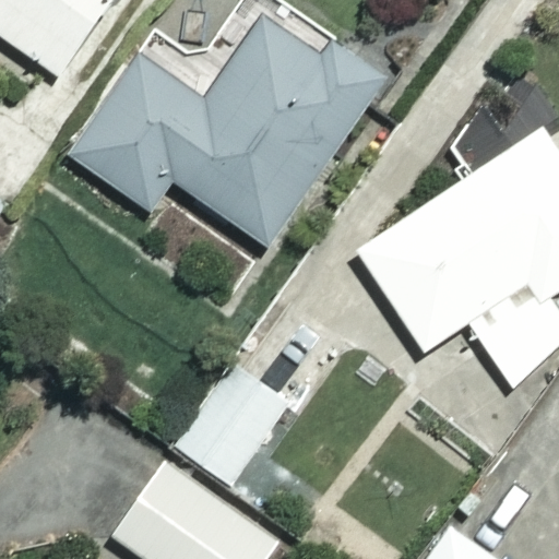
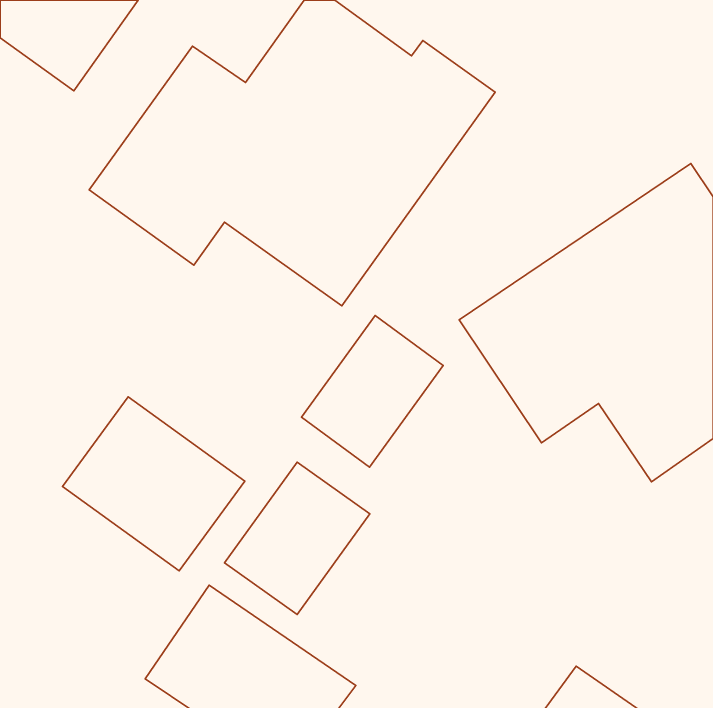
building: none -> [302,315,443,467]
building: none -> [63,397,245,571]

